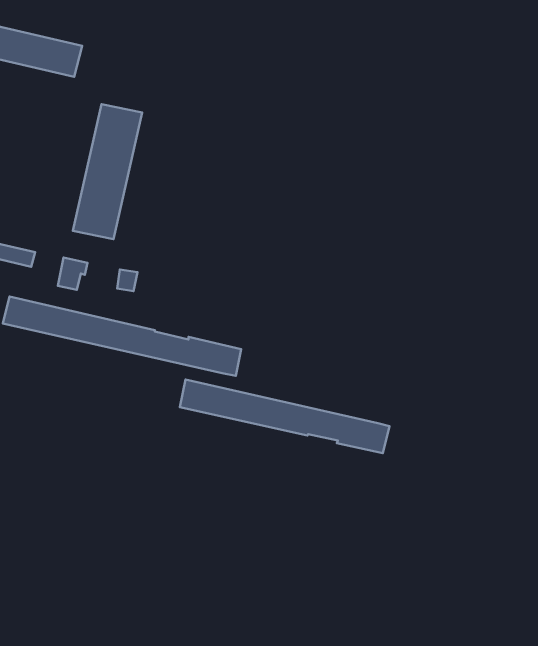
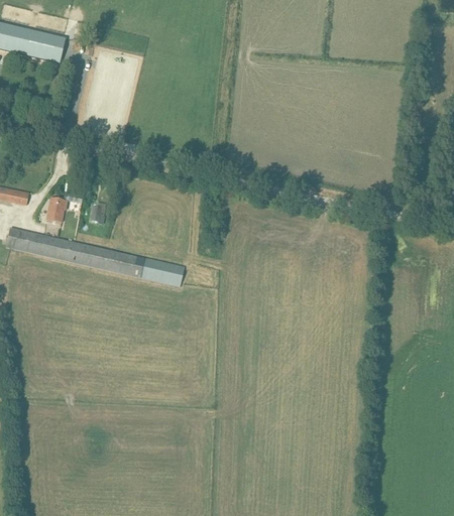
building: [73,104,142,239] -> none
building: [180,379,390,453] -> none

